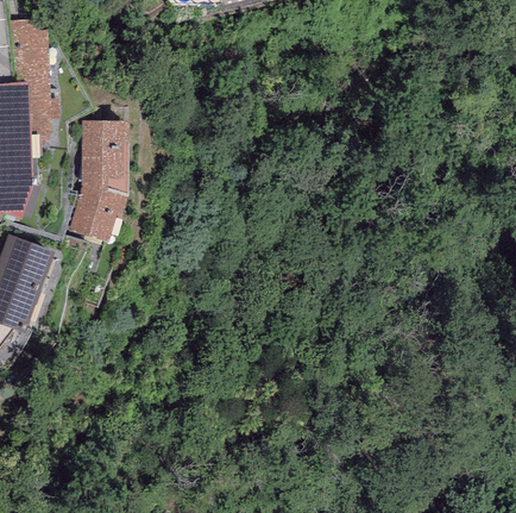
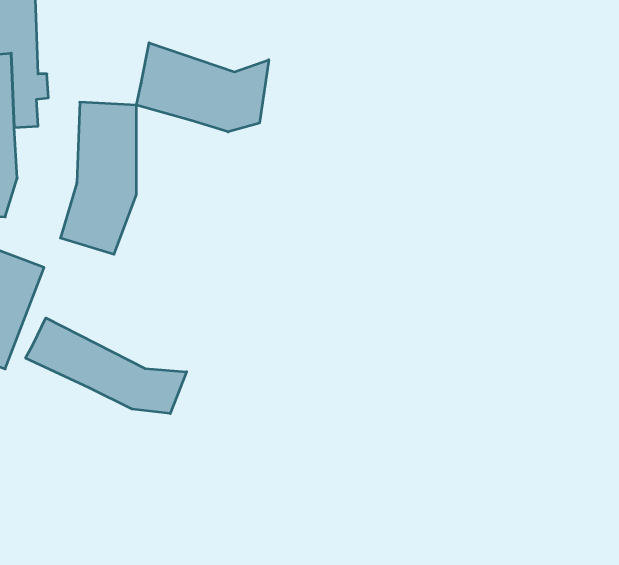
building: none -> [136,43,269,132]
building: none -> [26,318,187,414]

